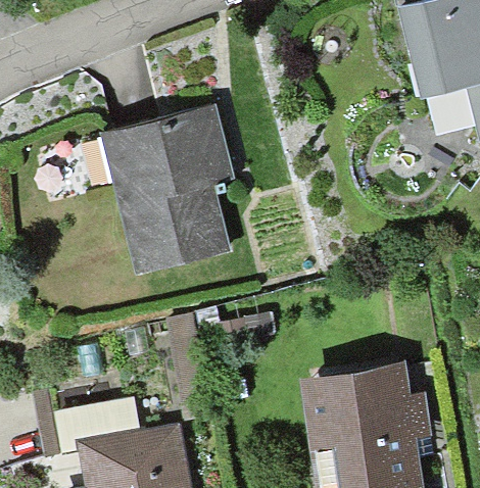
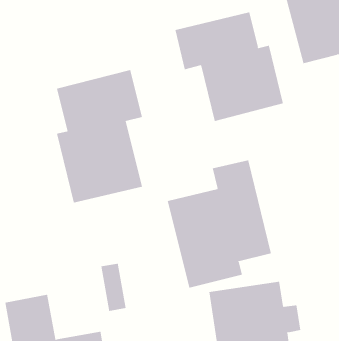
building: none -> [175,11,284,122]
building: none -> [167,159,272,288]

